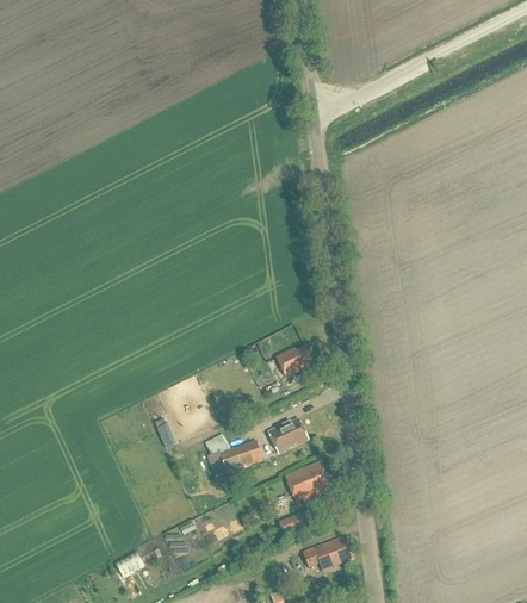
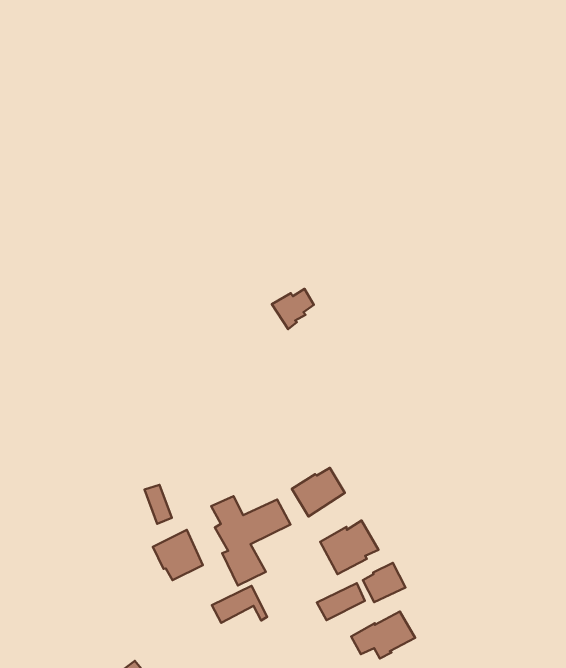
building: [279,346,311,375] -> [272,289,314,329]
building: none -> [153,530,203,580]
building: none -> [363,563,405,602]

